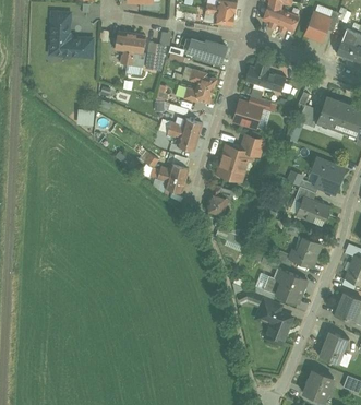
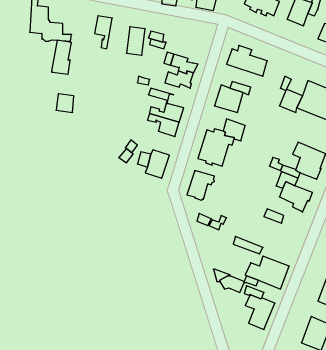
building: [127,34,146,68] -> [52,40,71,74]
building: [186,37,227,65] -> none
building: [291,238,322,269] -> none

